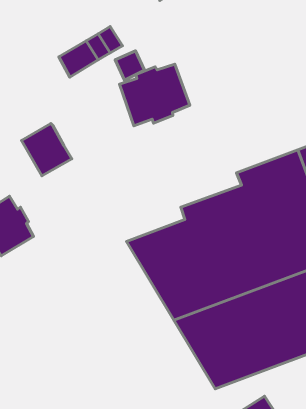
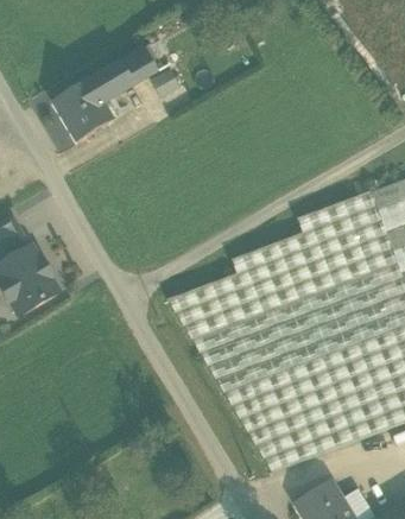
building: [119,64,190,126] -> none
building: [22,123,72,176] -> [50,78,109,140]

